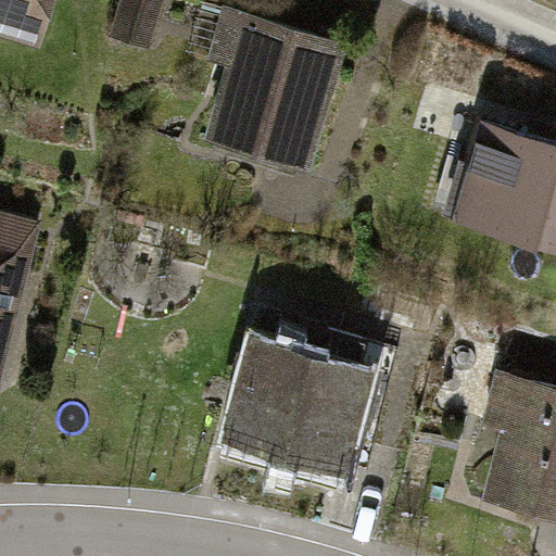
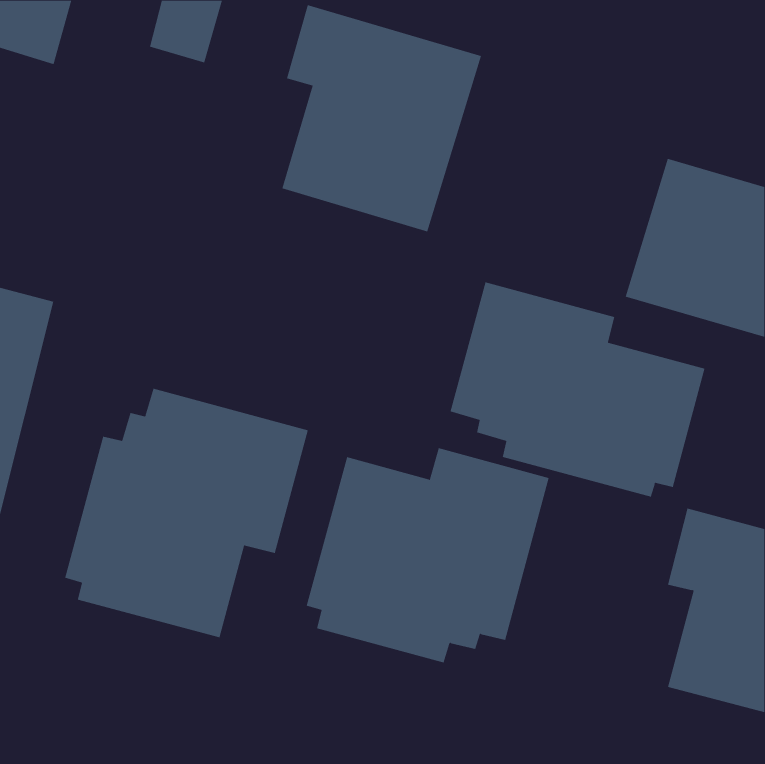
building: none -> [450,282,705,498]
building: none -> [64,388,308,638]

